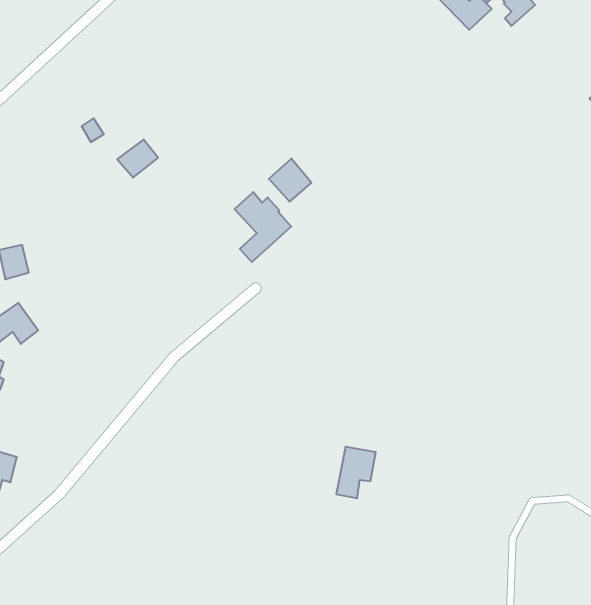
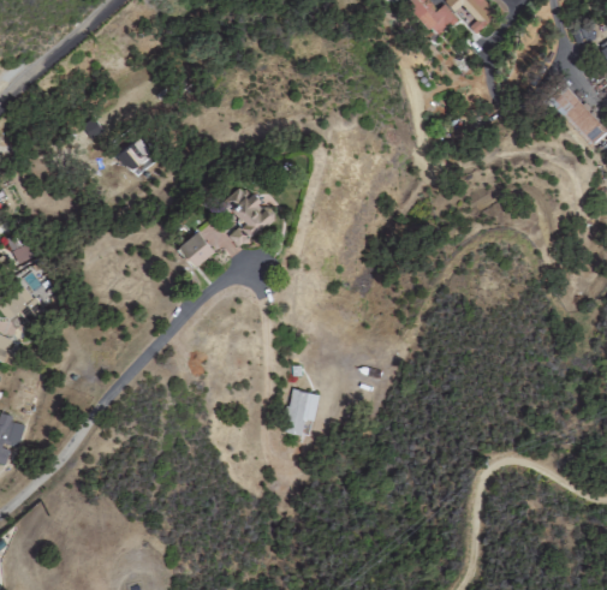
building: [269,158,311,202] -> none
building: none -> [177,230,216,268]
building: [336,447,376,498] -> [284,389,320,436]

